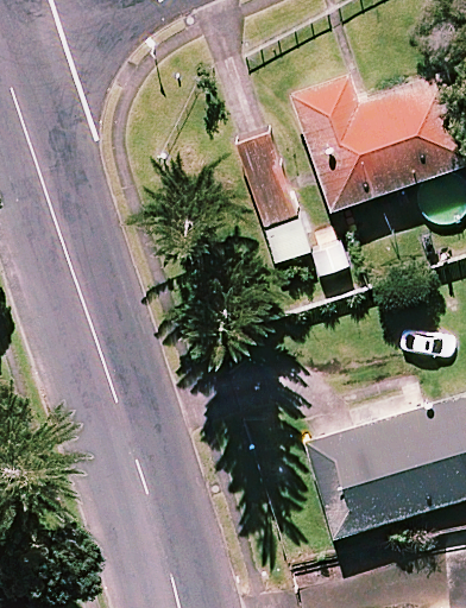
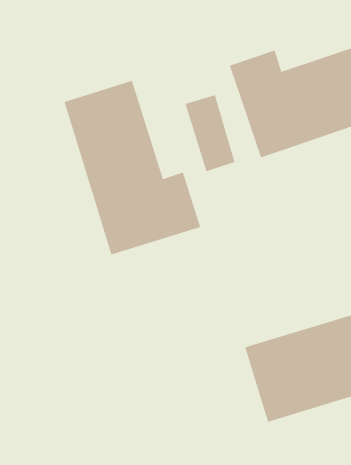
building: none -> [63,80,201,256]

